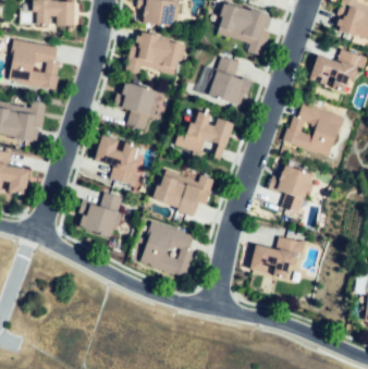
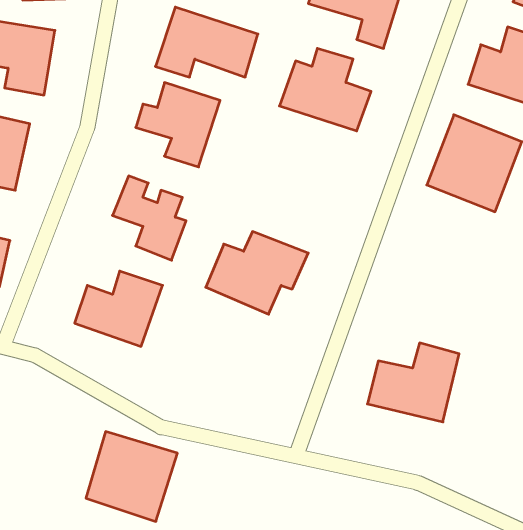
building: [175,108,235,161] -> none
building: [269,163,312,214] -> none
building: [140,222,196,276] -> [86,432,177,521]

